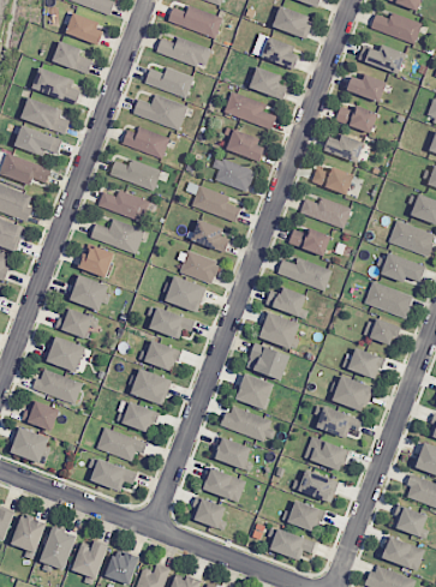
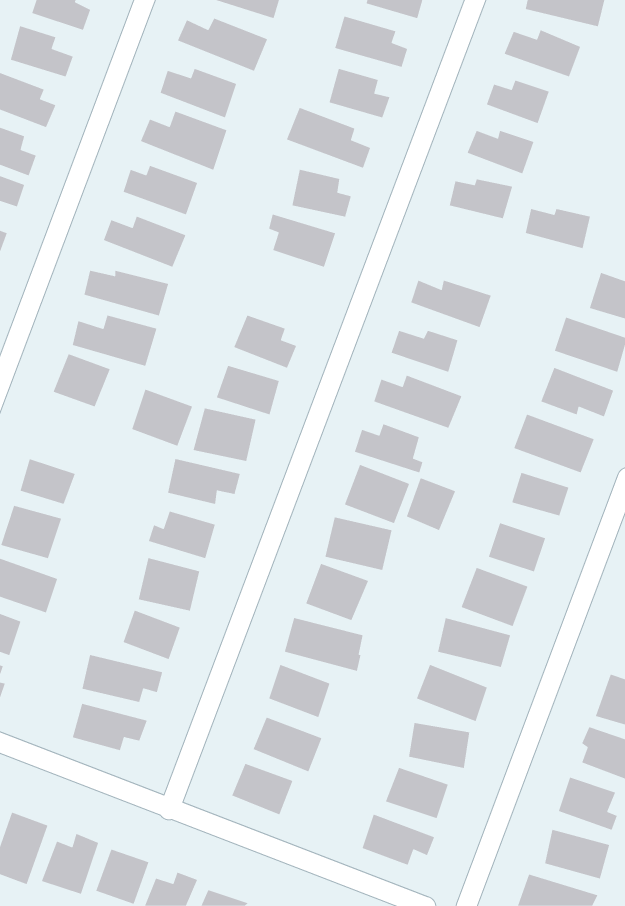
building: [312,168,353,193] -> [525,208,591,249]
building: [192,186,240,220] -> none
building: [71,275,109,311] -> [131,389,193,447]
building: none -> [406,477,456,531]

